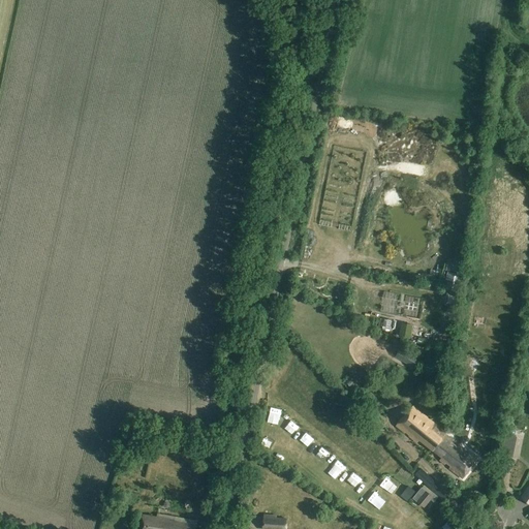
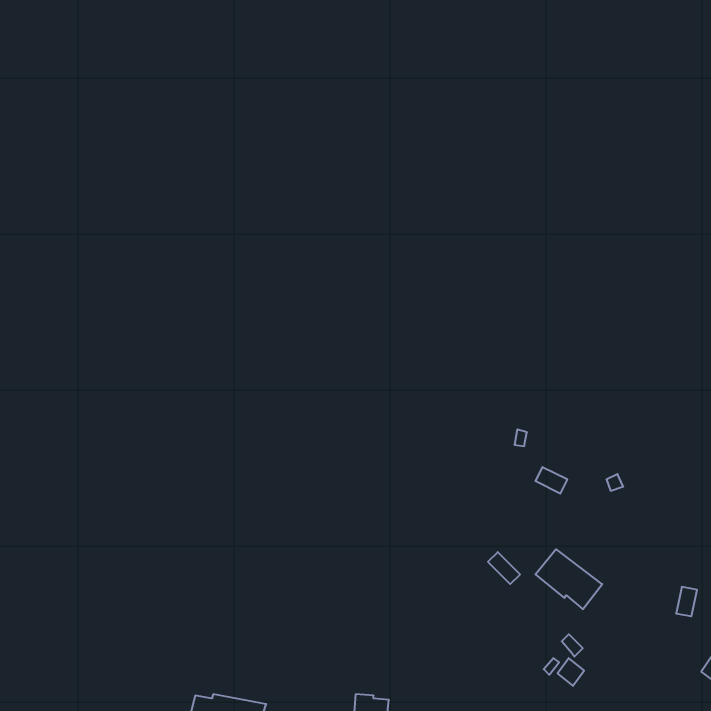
building: [433,434,479,480] -> none

